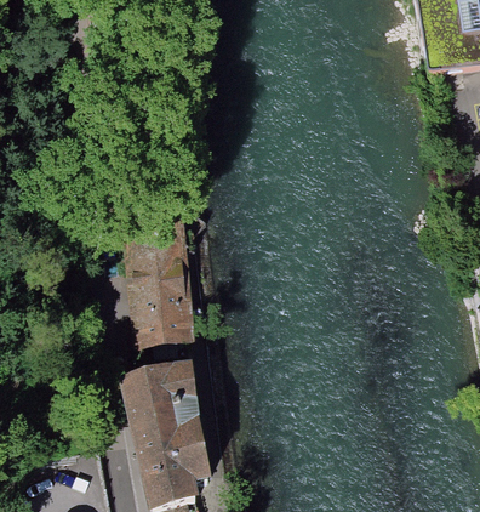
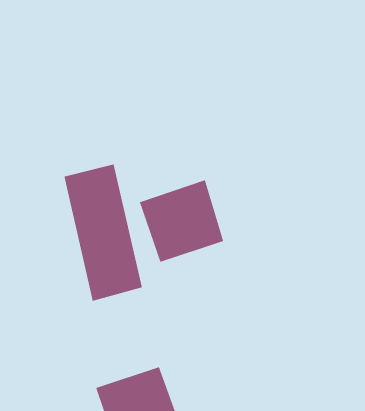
building: [119,358,200,437] -> [139,179,224,263]

